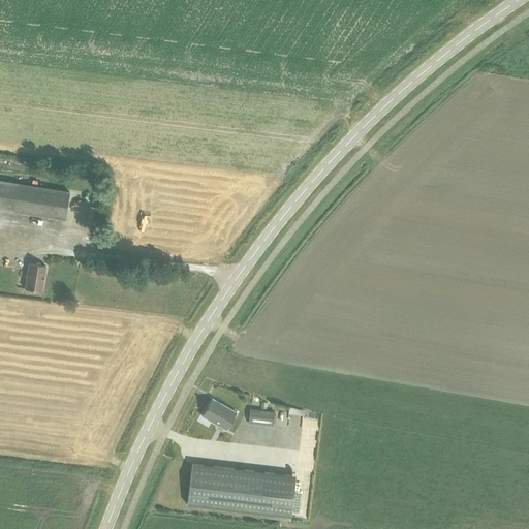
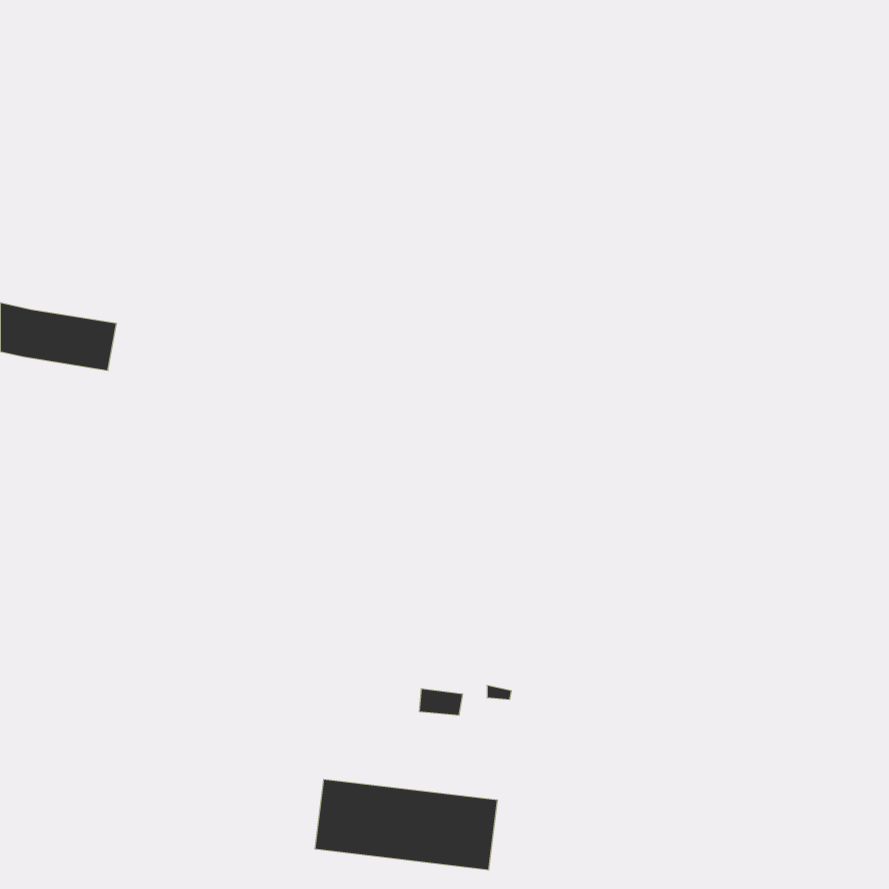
building: [25,263,45,291] -> none
building: [203,399,237,430] -> none

